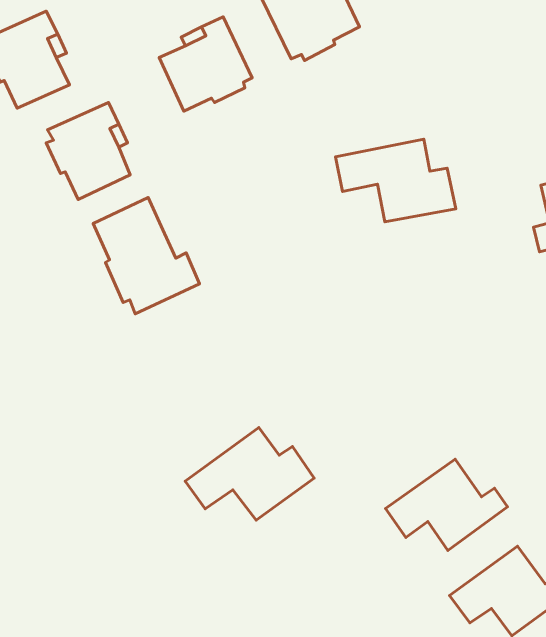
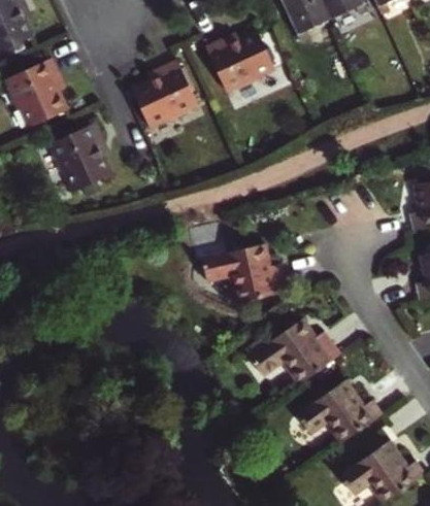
building: [335,139,456,222] -> [198,241,284,300]
building: [93,197,200,314] -> none
building: [185,428,314,520] -> [245,316,337,382]

